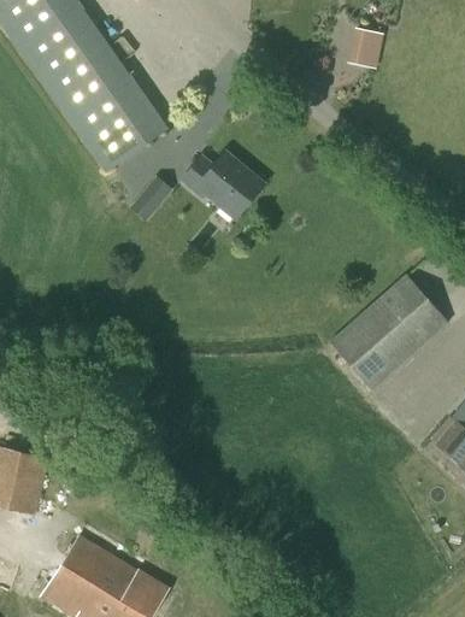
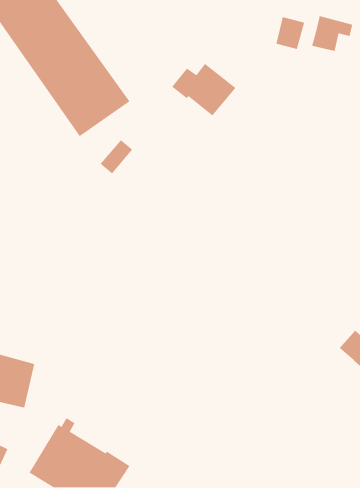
building: none -> [311,15,353,52]
building: [183,151,265,218] -> [171,63,237,116]
building: [330,275,447,389] -> none

